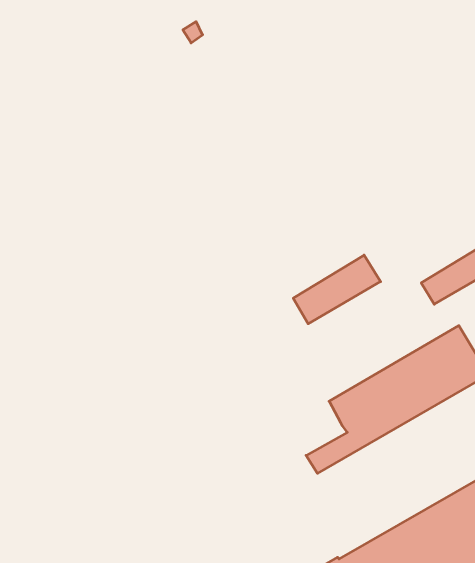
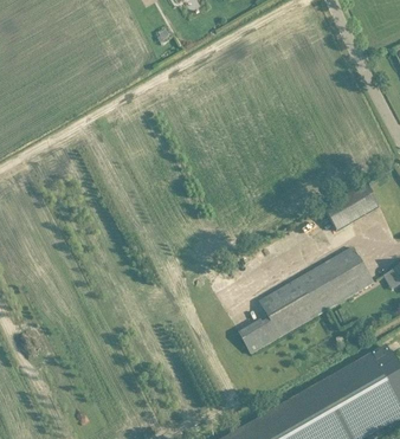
building: [293,255,381,324] -> none

